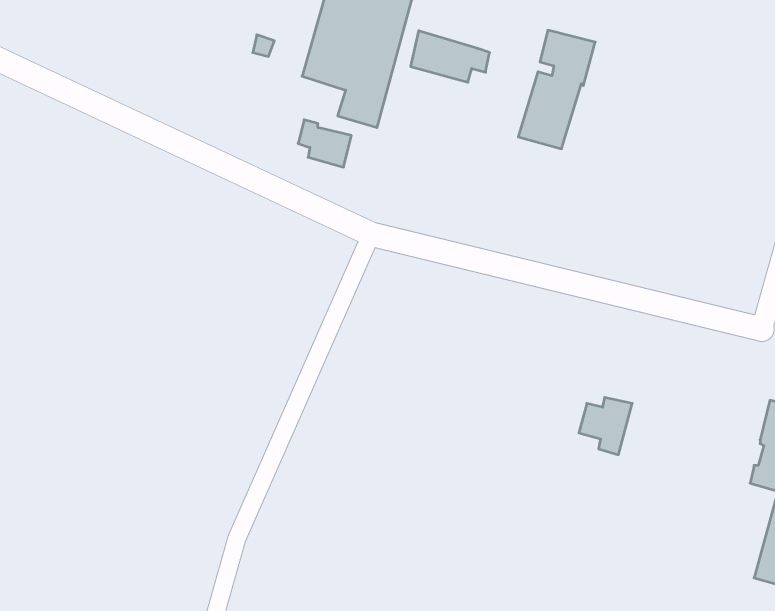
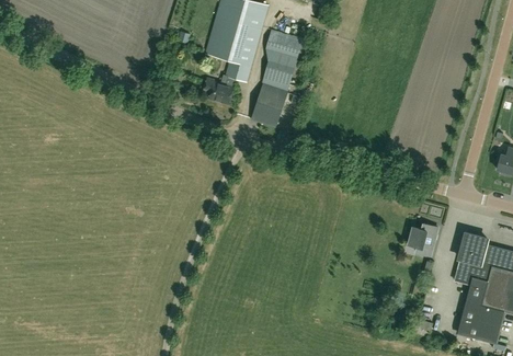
building: [518,30,595,149] -> [251,60,294,126]
building: [579,397,632,455] -> [408,223,437,255]

